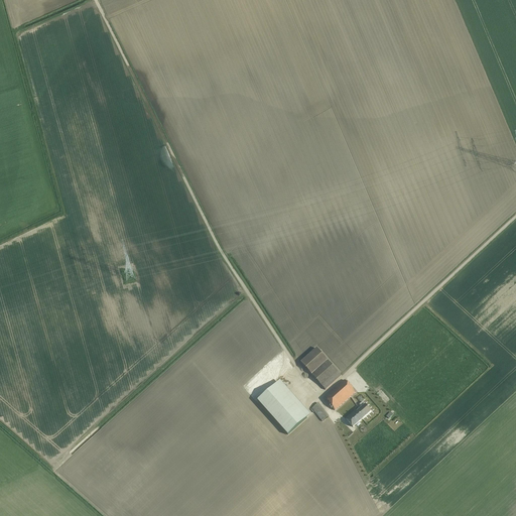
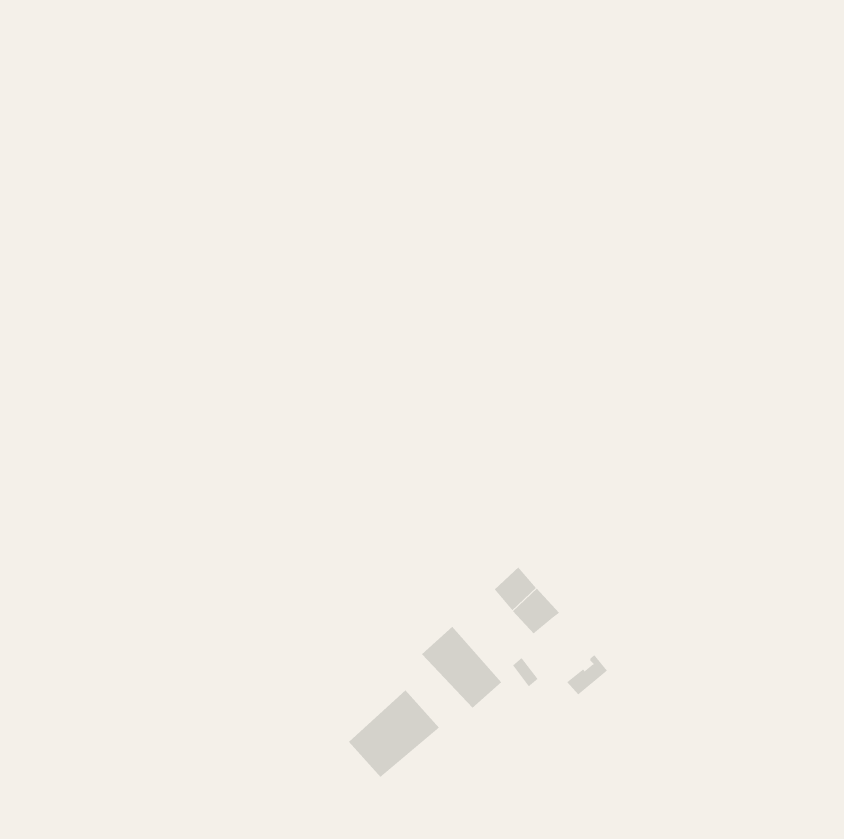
building: [325,378,356,408] -> none
building: none -> [348,690,440,778]

